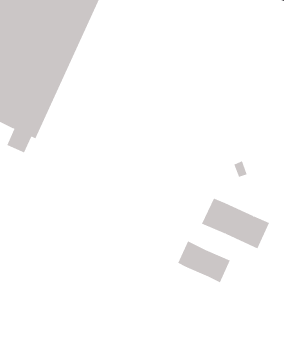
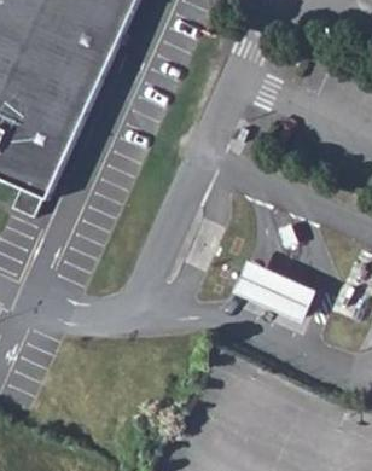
building: [178,241,230,283] -> none

